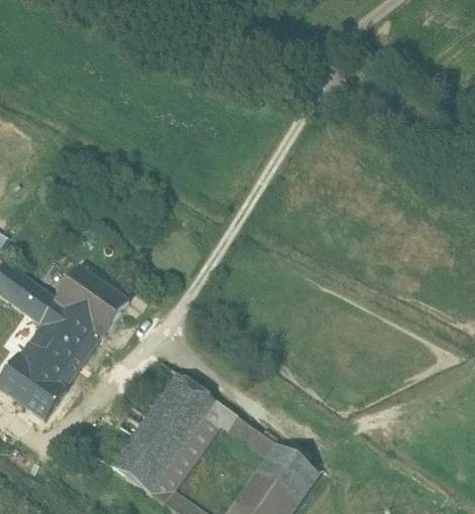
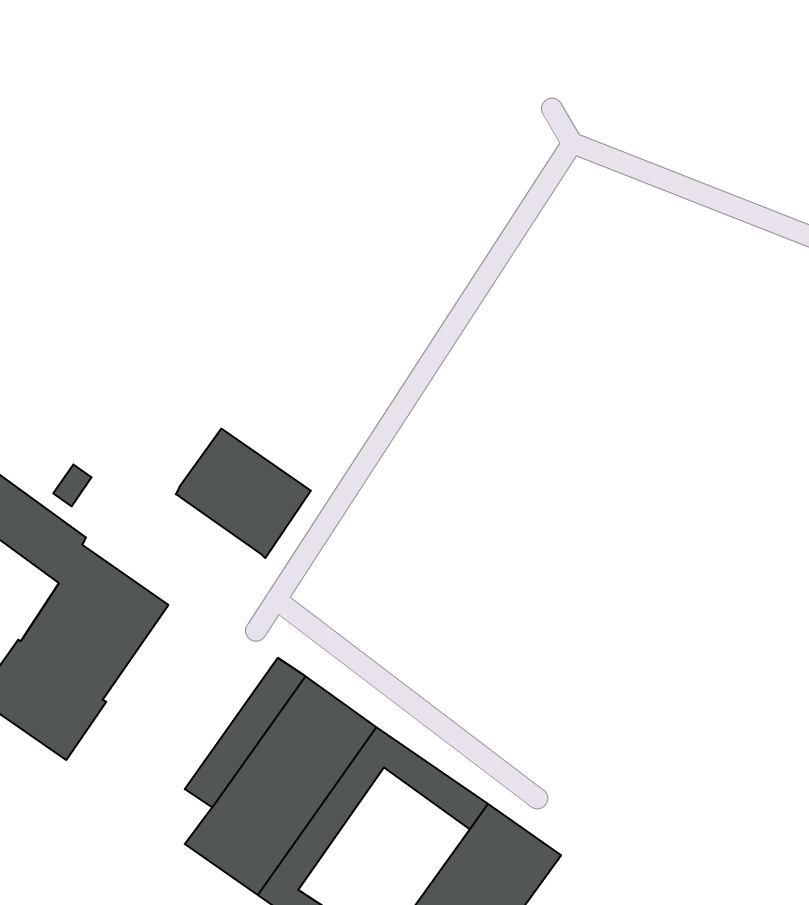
building: [54,265,129,337] -> [176,429,311,558]

